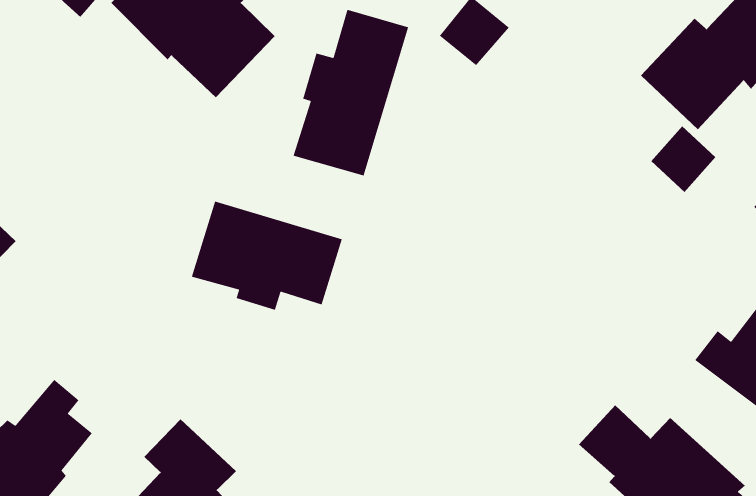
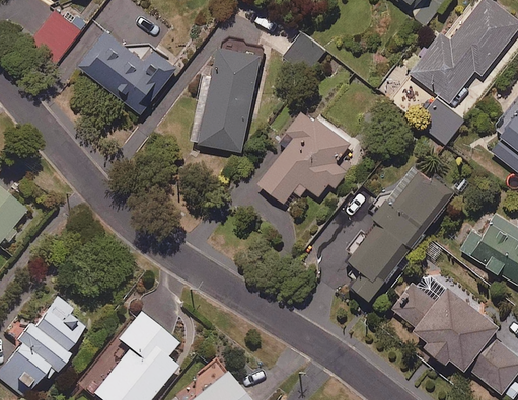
building: none -> [258,108,351,203]
building: [191,200,343,311] -> none
building: none -> [347,164,458,301]

